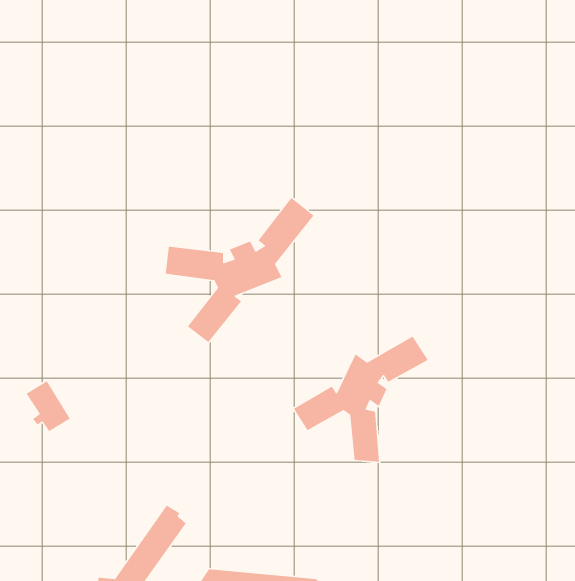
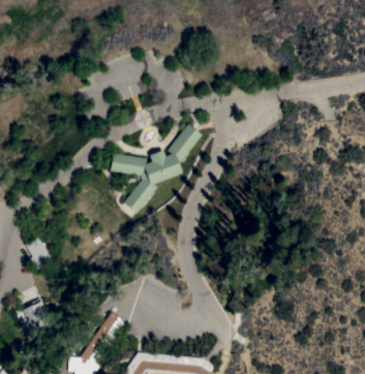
building: [293,335,429,463] -> none
building: none -> [14,299,51,337]

